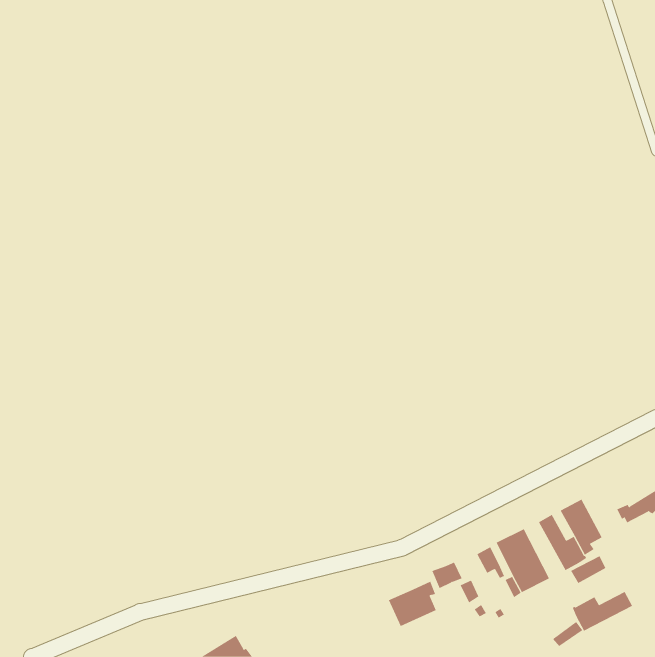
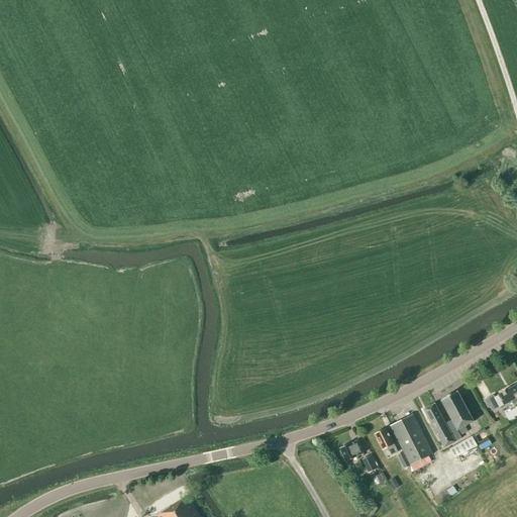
building: [388,581,437,627] -> none
building: [572,591,633,632] -> none

